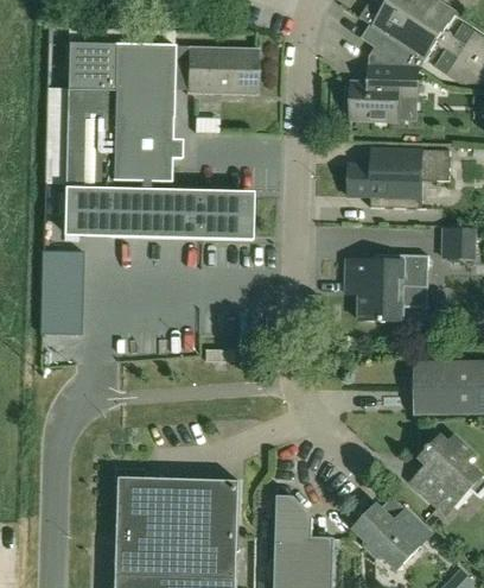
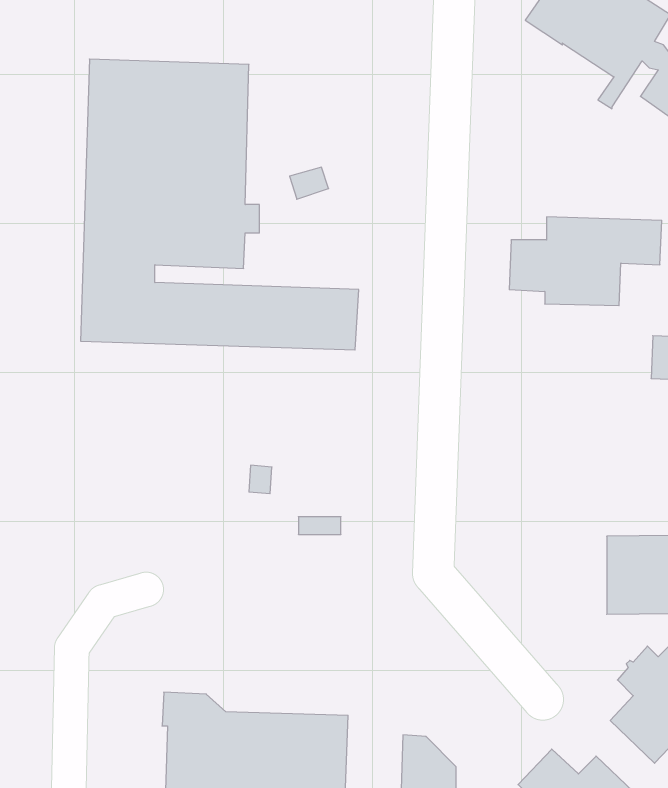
building: [346,32,419,121] -> none
building: [186,46,257,95] -> none
building: [39,249,77,334] -> none
building: [345,254,428,322] -> none

